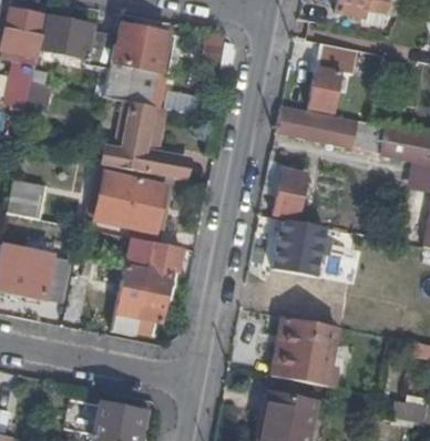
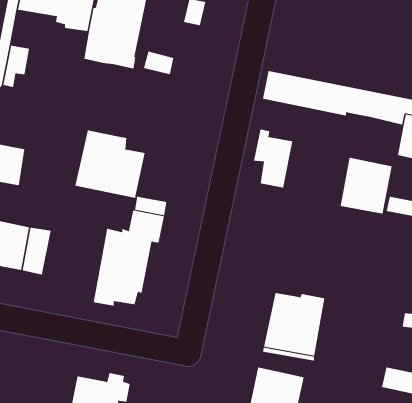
building: [309,43,357,112] -> none
building: [106,100,183,178] -> none
building: [274,219,325,275] -> [340,157,392,214]

